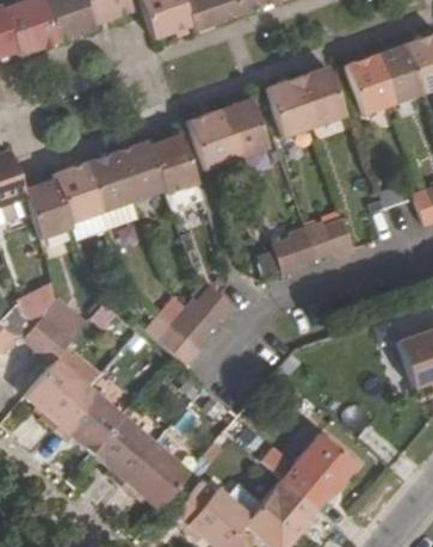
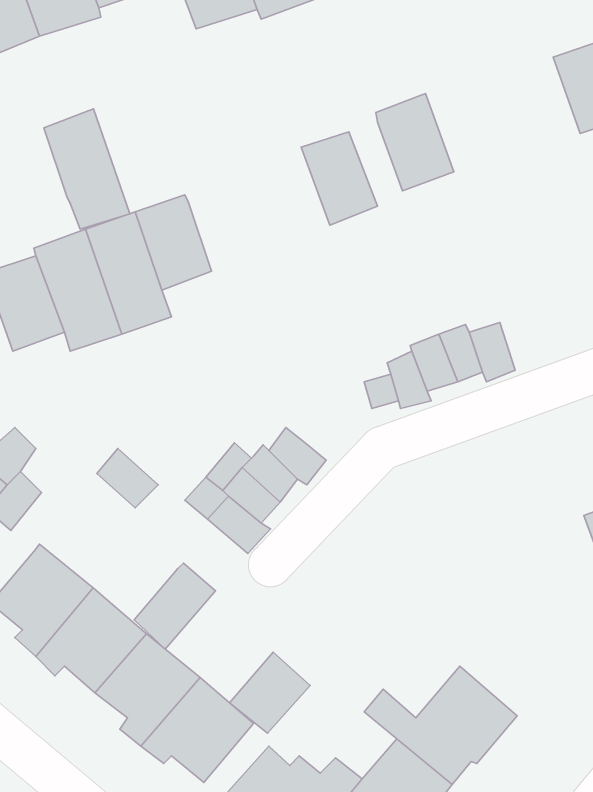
building: [346,54,395,113] -> none
building: [298,67,346,125] -> none
building: [190,110,239,170] -> none
building: [150,133,204,208] -> [44,109,130,229]
building: [39,299,86,363] -> none
building: none -> [134,563,215,649]
building: none -> [230,652,310,733]

